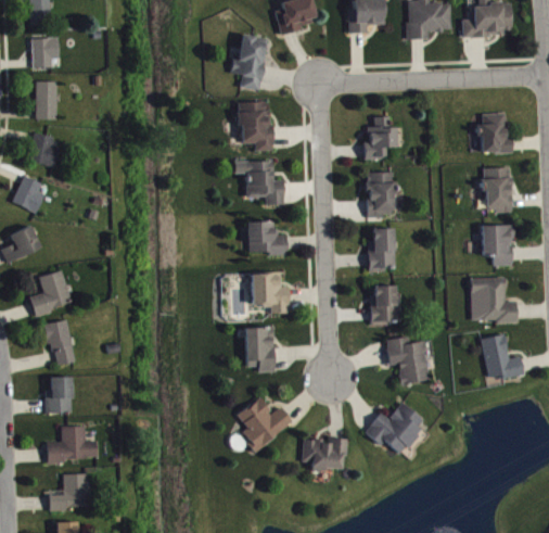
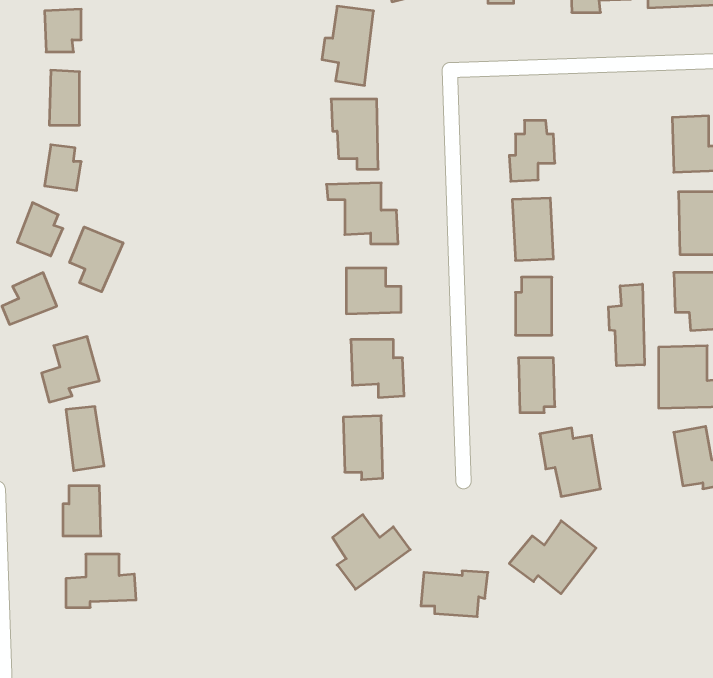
building: none -> [70,227,123,292]
building: none -> [608,284,644,366]
building: [50,473,88,508] -> none

